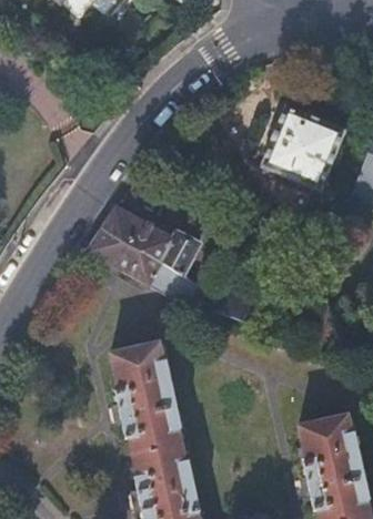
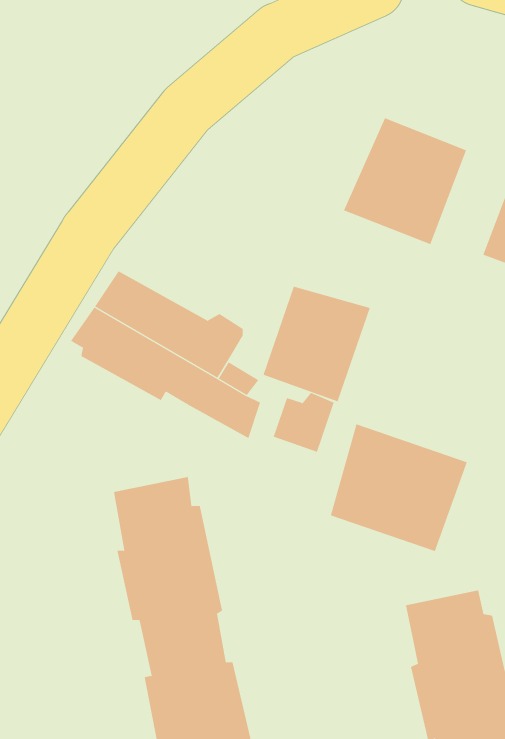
building: none -> [263,286,371,402]
building: none -> [330,424,467,552]

